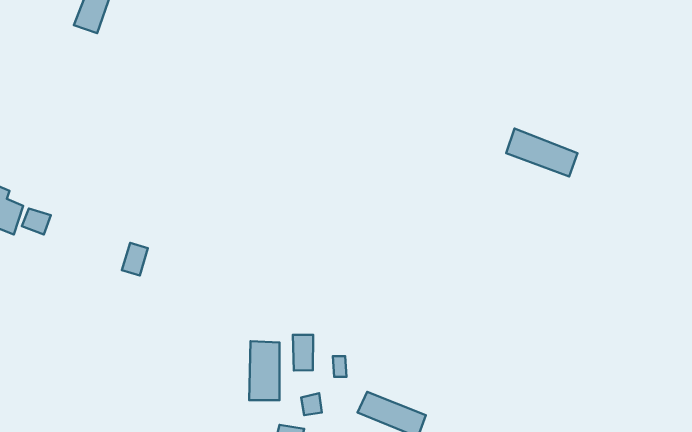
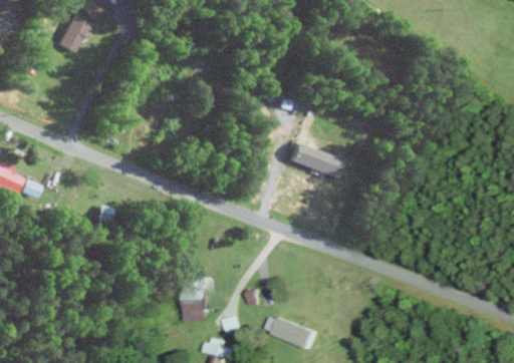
building: [506,128,577,176] -> [288,142,340,177]
building: [293,335,313,371] -> none

